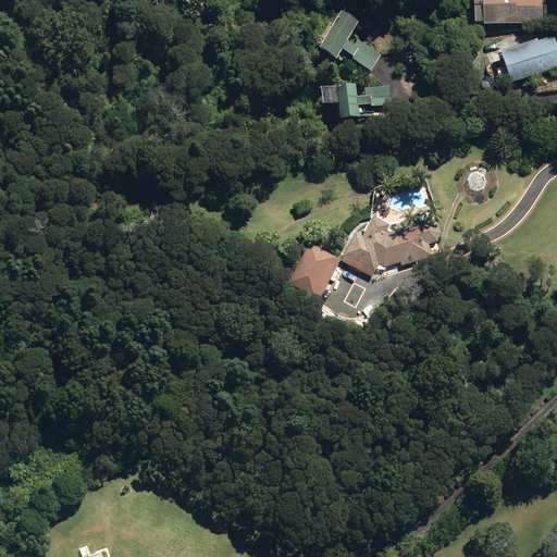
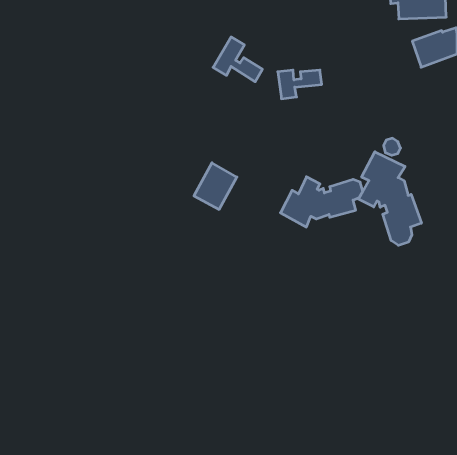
building: [320,14,380,69] -> [213,37,262,82]
building: none -> [358,152,421,245]
building: [287,240,339,297] -> [194,163,237,209]

